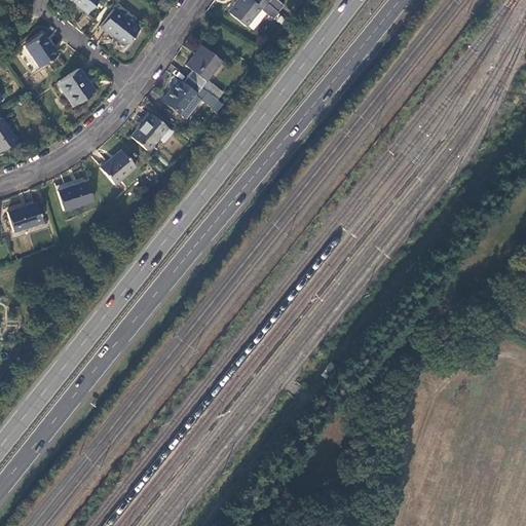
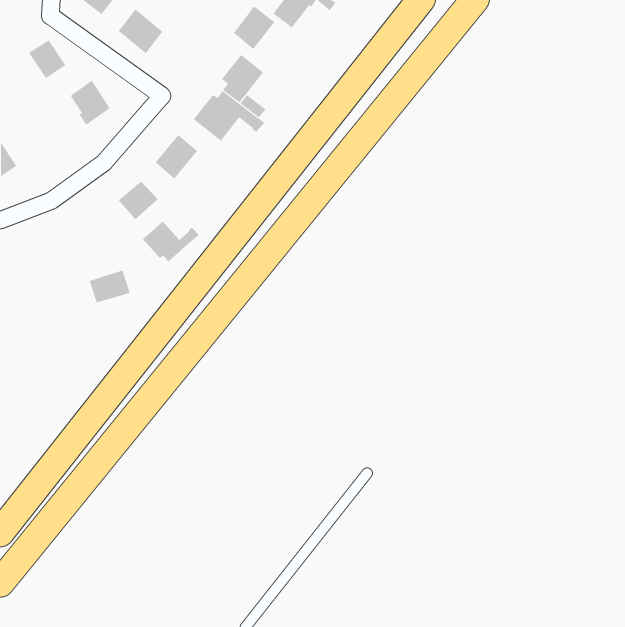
building: none -> [233,5,275,50]
building: [57,182,91,210] -> [89,270,131,303]
building: none -> [142,221,200,262]
building: [7,202,43,230] -> none

